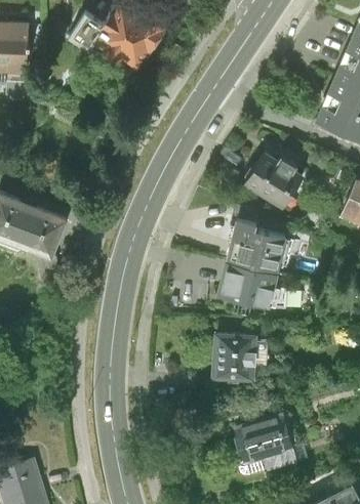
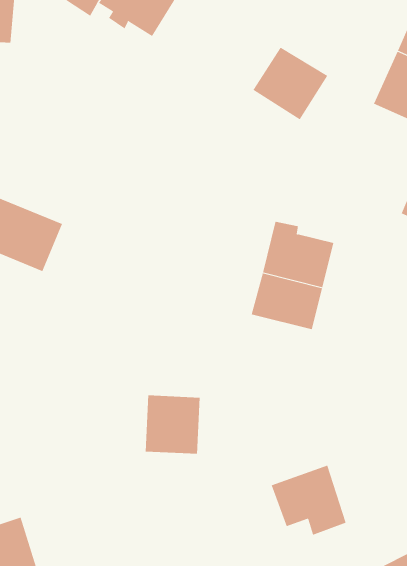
building: [245,148,307,207] -> [252,47,328,120]
building: [212,332,257,380] -> [145,395,200,454]

